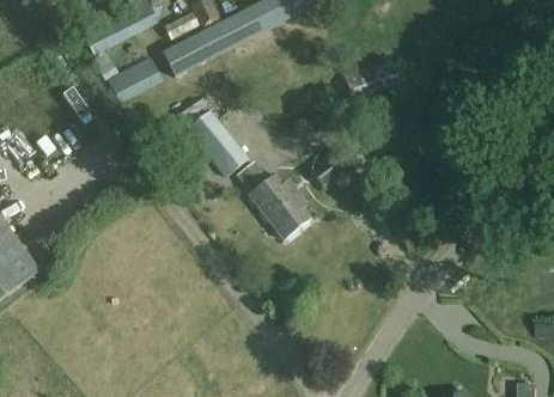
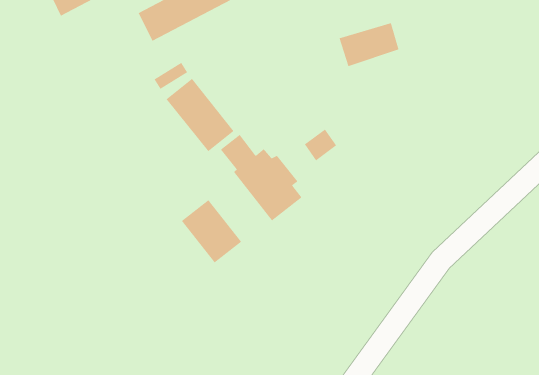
building: [106,48,162,102] -> none
building: none -> [181,199,242,264]

